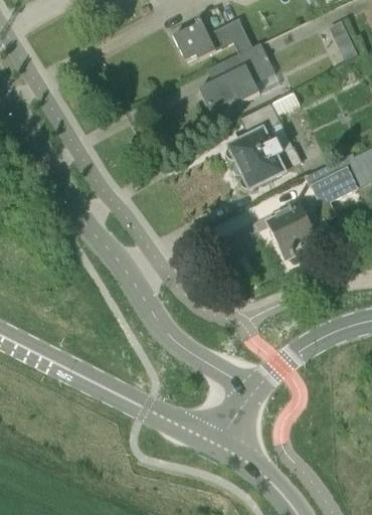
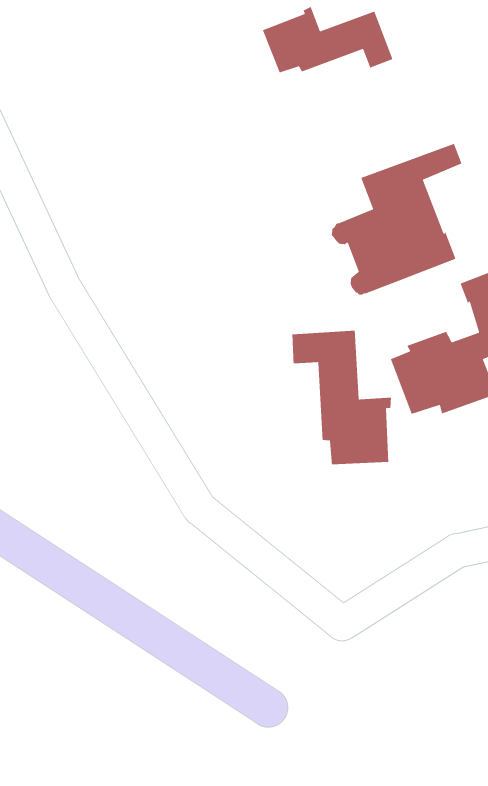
building: [198,43,274,111] -> none
building: none -> [291,330,392,465]

